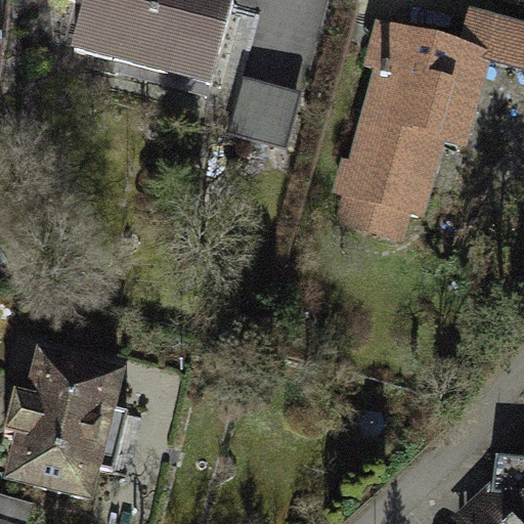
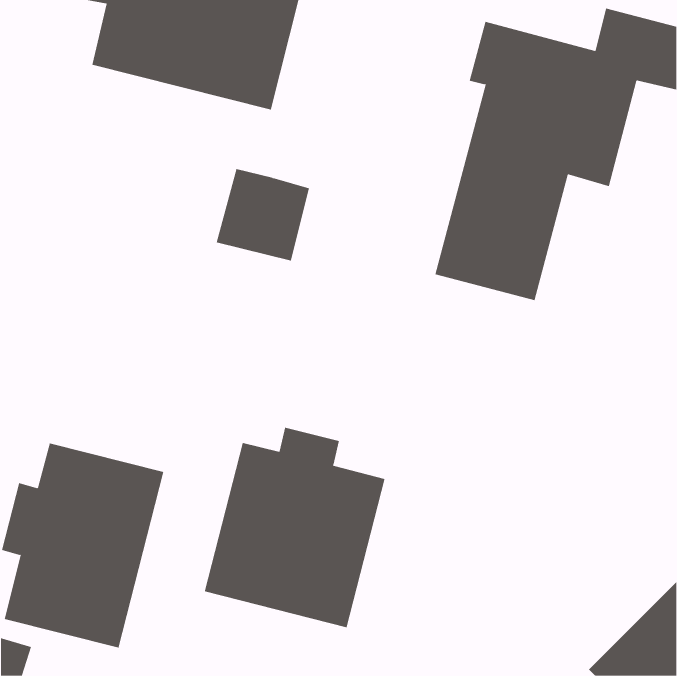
building: [230,76,303,147] -> [216,168,310,261]
building: none -> [204,427,385,628]

